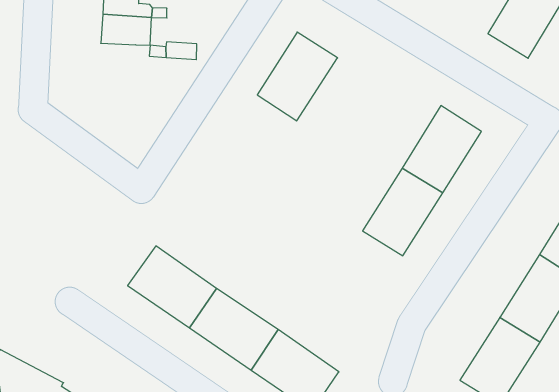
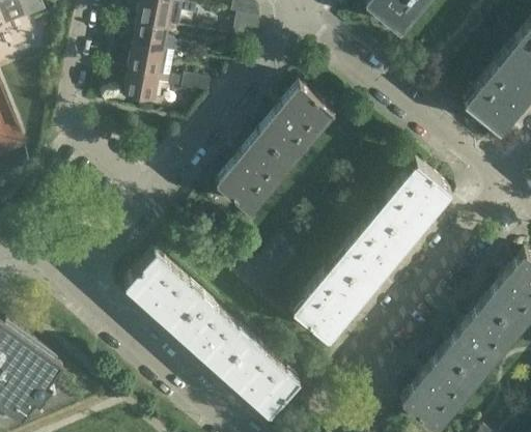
building: none -> [123,74,159,104]
building: none -> [216,136,289,212]
building: none -> [292,265,366,341]

